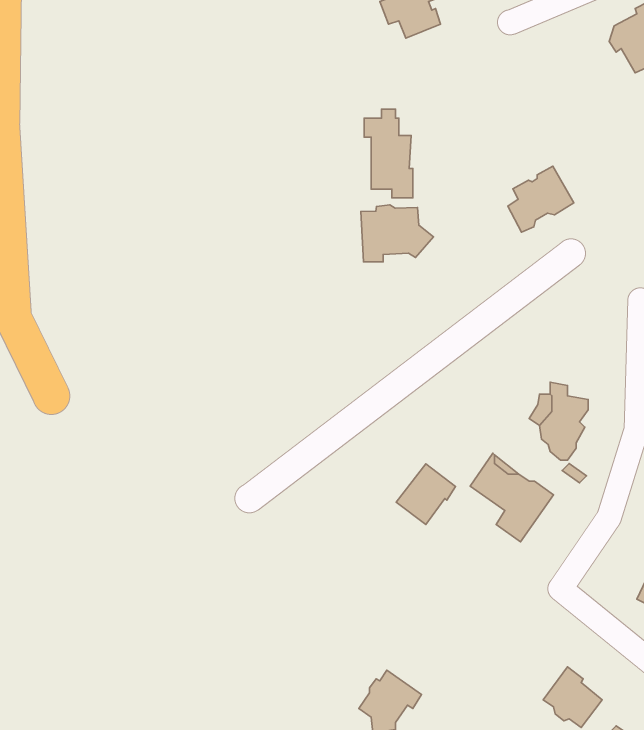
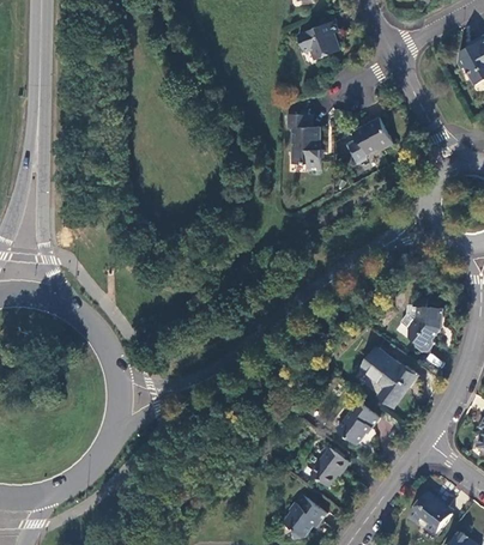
building: [508,166,574,232] -> [347,117,393,163]
building: [361,205,434,262] -> none
building: [396,464,455,525] -> [337,402,377,444]
building: none -> [310,448,349,486]

